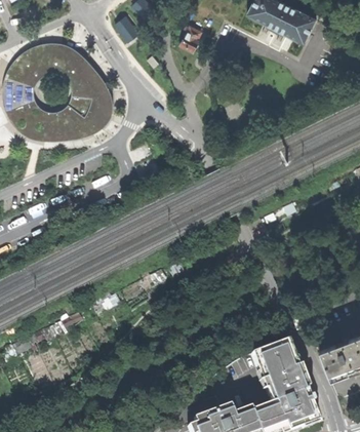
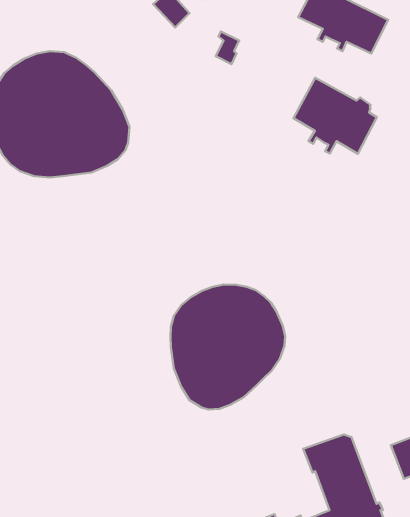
building: [114,14,142,43] -> none
building: none -> [293,78,377,154]
building: none -> [170,284,285,410]

